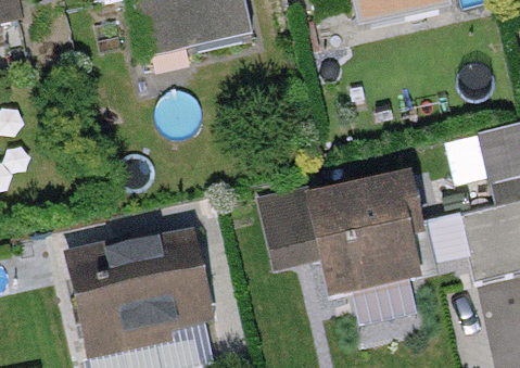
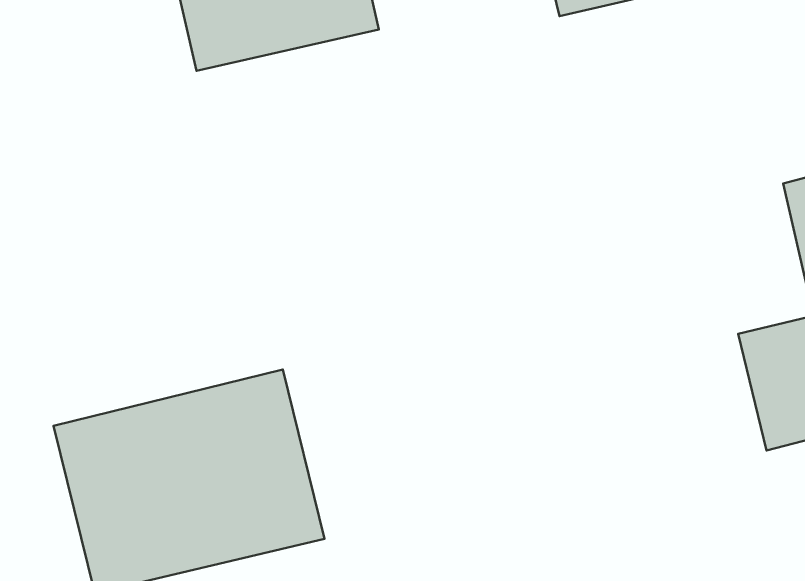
building: [272,182,422,292] -> none

